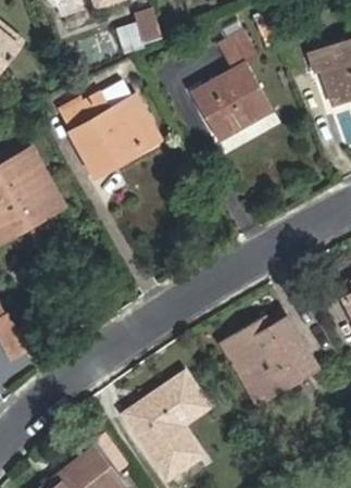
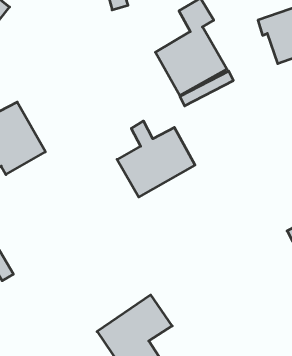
building: [68,88,159,176] -> [117,121,195,197]
building: [231,317,316,403] -> none

